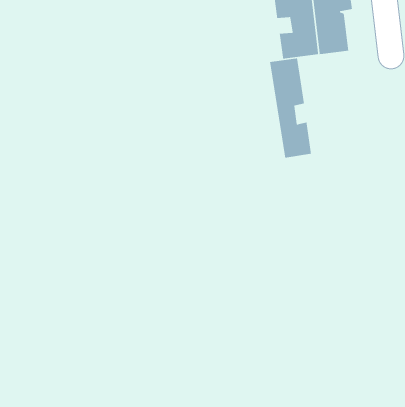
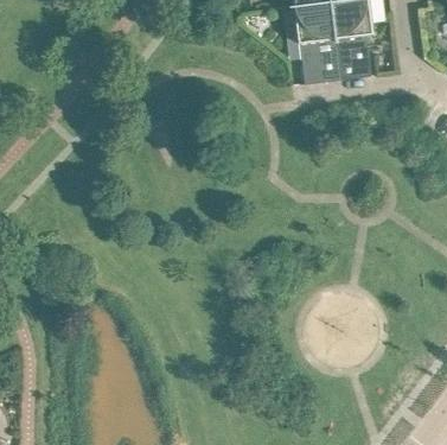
building: [269,57,312,160] -> none

